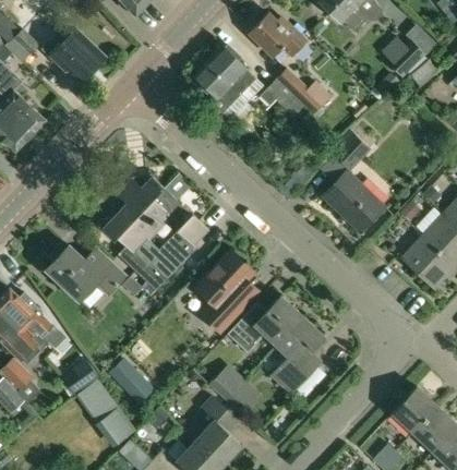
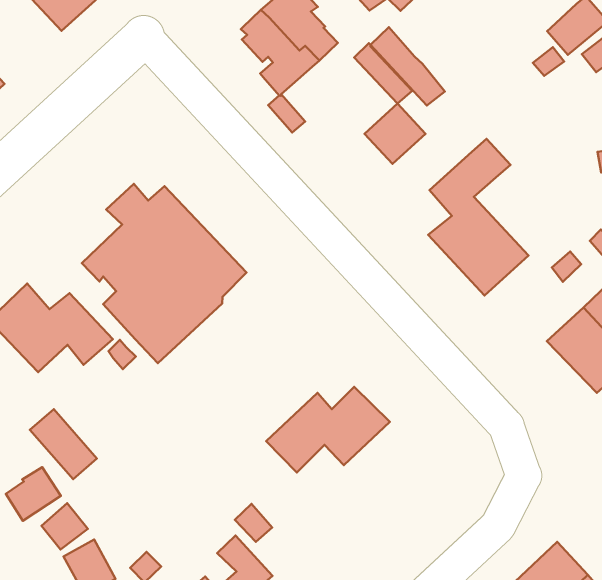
building: none -> [364,104,426,164]
building: [195,252,253,334] -> none
building: [270,317,325,394] -> none
building: [109,360,153,403] -> [30,409,97,479]
building: [225,379,260,414] -> none

